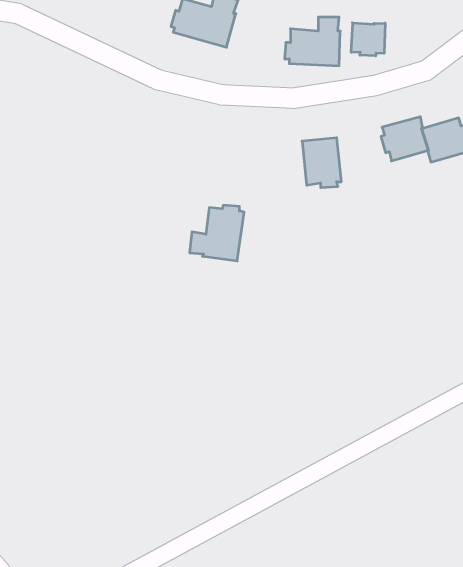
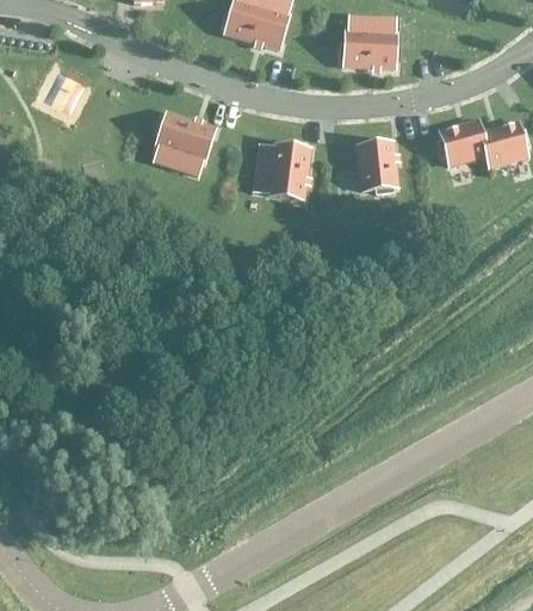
building: [351,23,385,56] -> none
building: none -> [154,112,213,175]
building: [190,205,244,261] -> [253,142,309,199]

